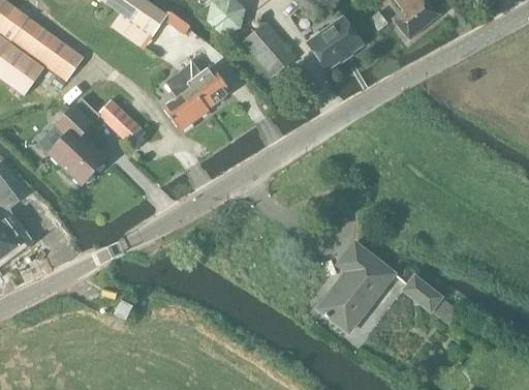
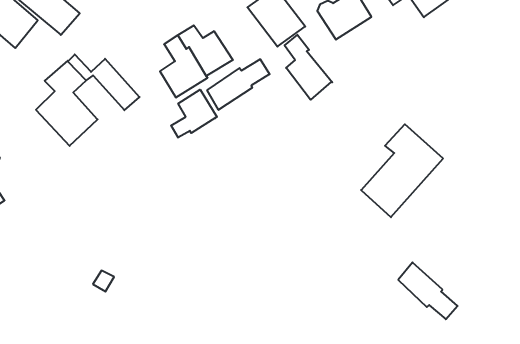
building: none -> [285,35,332,100]
building: none -> [207,59,270,110]
building: none -> [171,90,217,138]
building: [318,243,394,332] -> [361,124,443,217]

